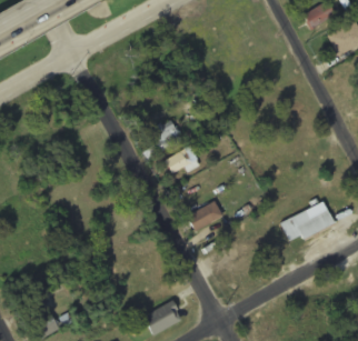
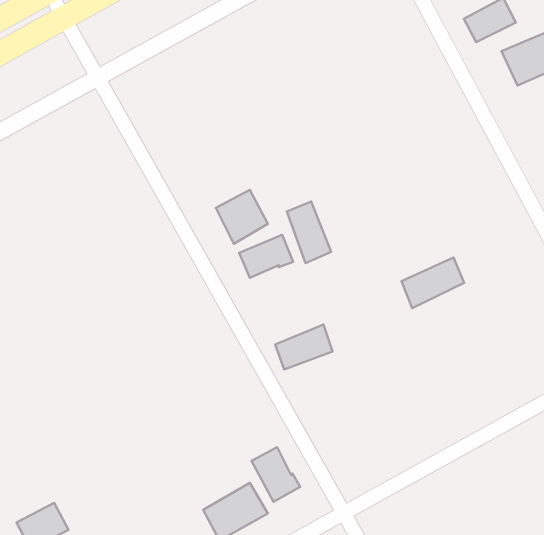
building: none -> [287,201,331,263]
building: [296,209,335,240] -> [401,258,464,308]
building: none -> [251,447,300,502]

